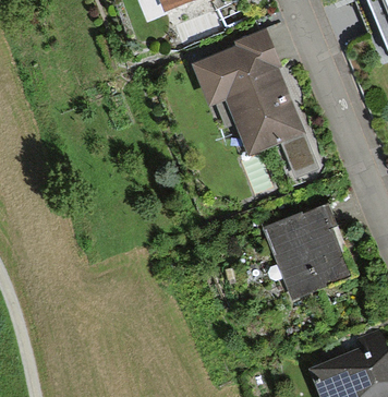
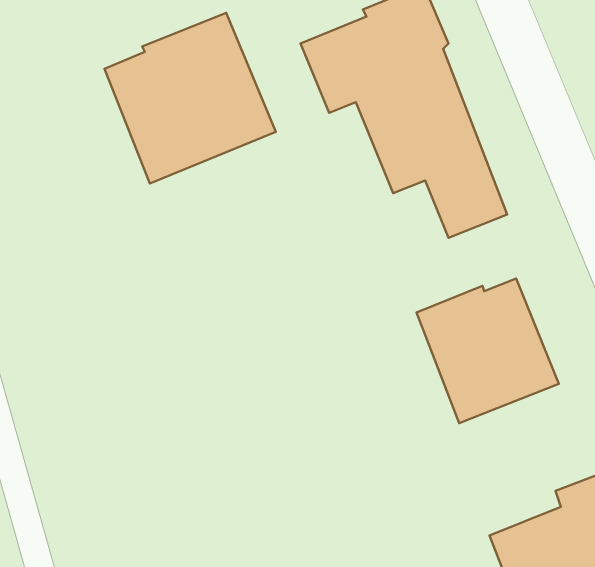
building: none -> [105,13,276,183]

